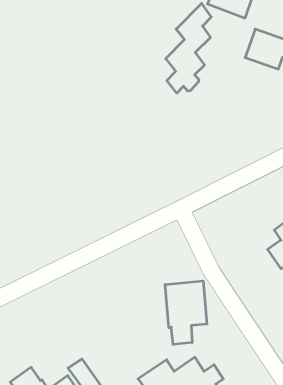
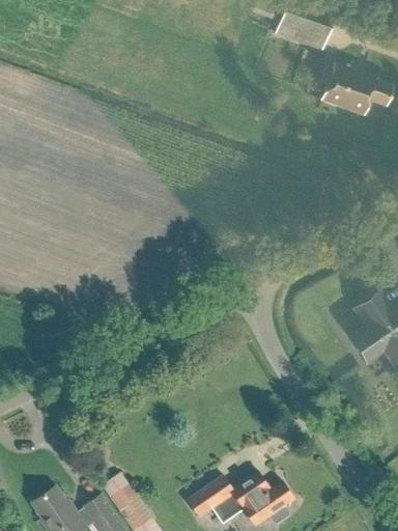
building: [166,3,211,93] -> none
building: [165,281,207,344] -> none

